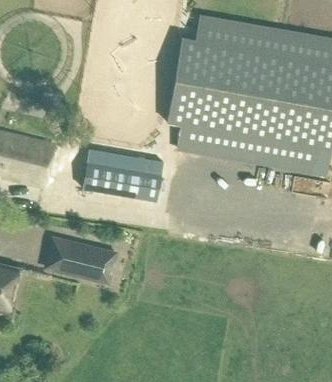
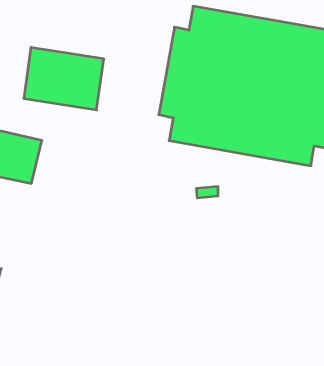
building: [86,140,163,200] -> [24,47,104,110]
building: [44,236,118,285] -> none

